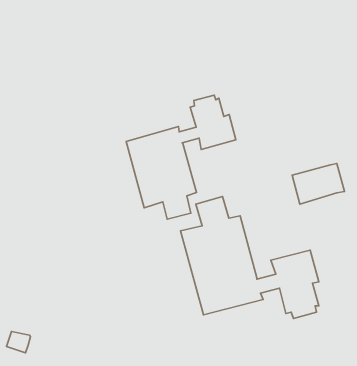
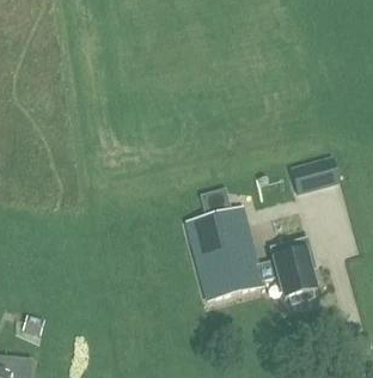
building: [126,95,236,219] -> none

